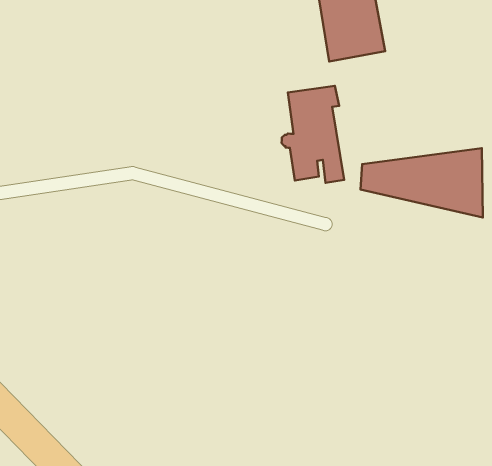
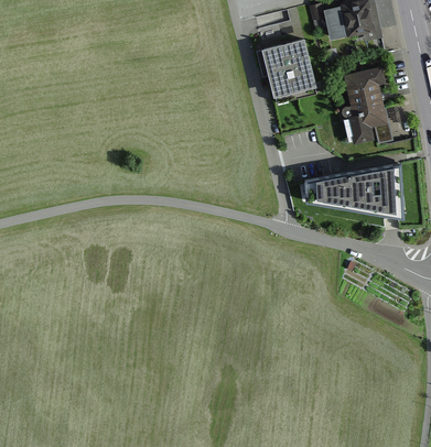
building: [282,86,344,183] -> [343,67,394,143]

